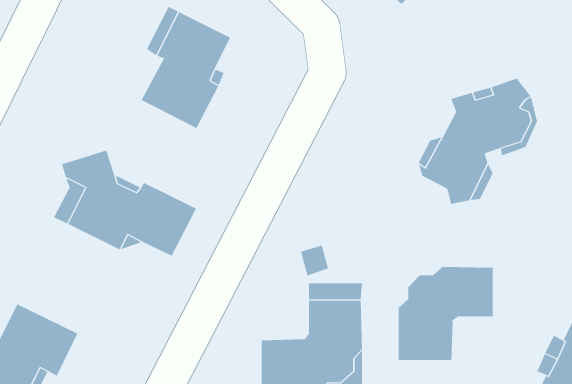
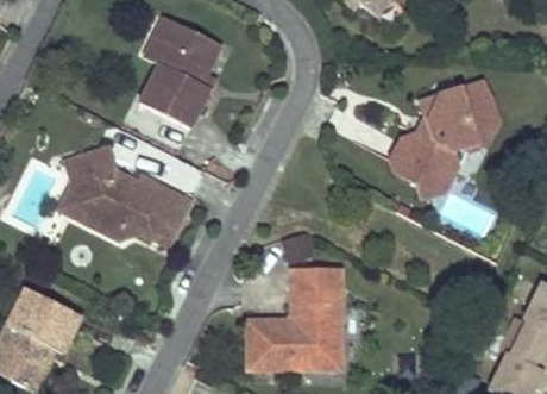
building: [398,266,493,361] -> none

